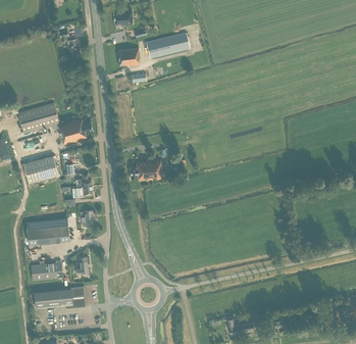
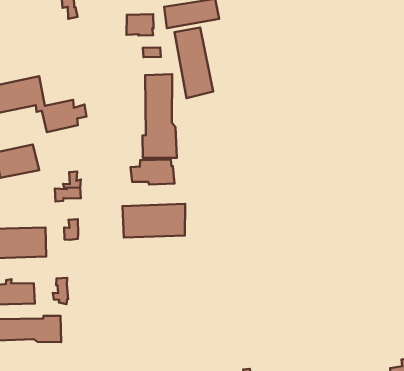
building: none -> [174,28,213,98]
building: none -> [142,74,177,158]
building: none -> [122,204,185,238]

